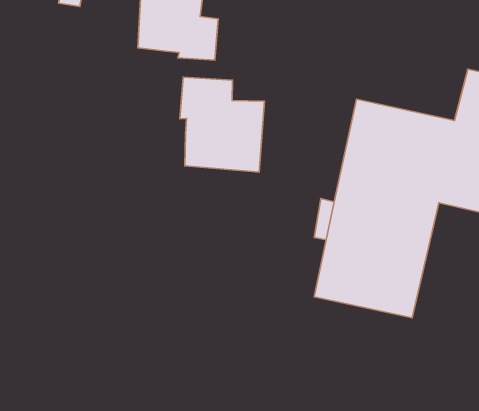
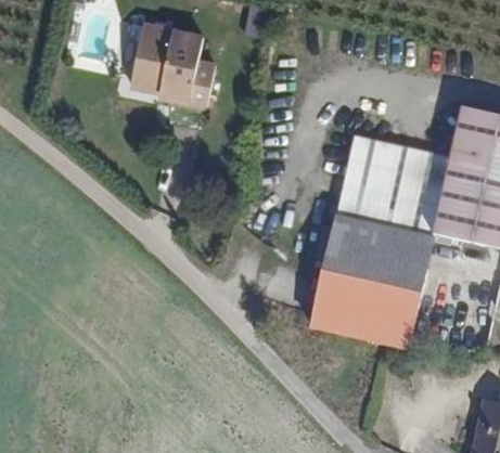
building: [180,77,264,172] -> none

